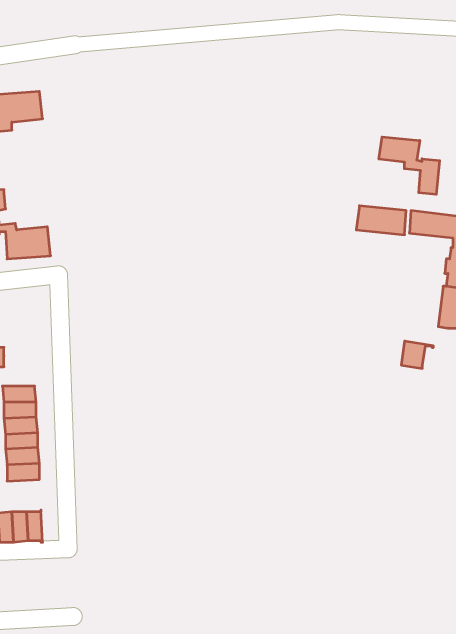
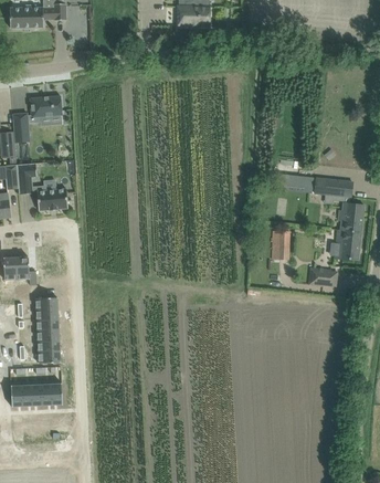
building: [379,137,440,194] -> none
building: none -> [272,230,288,259]

